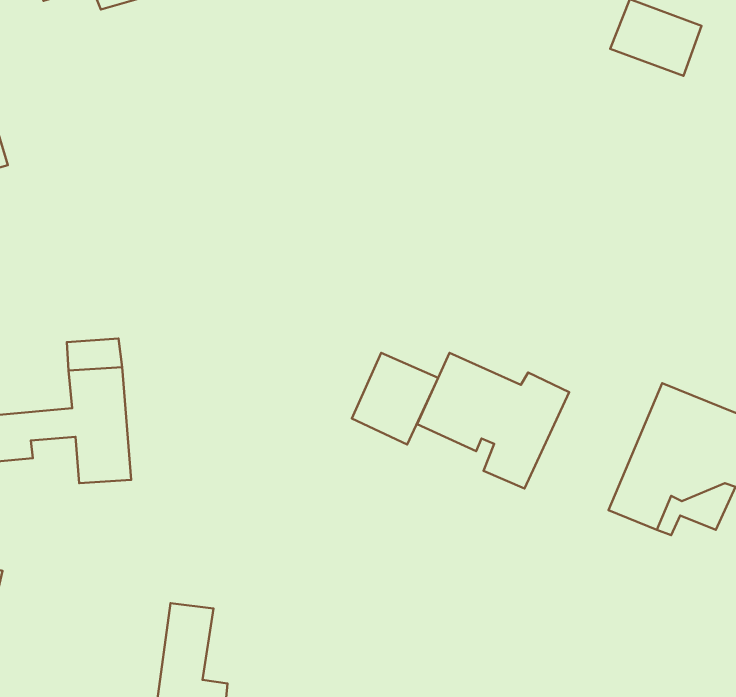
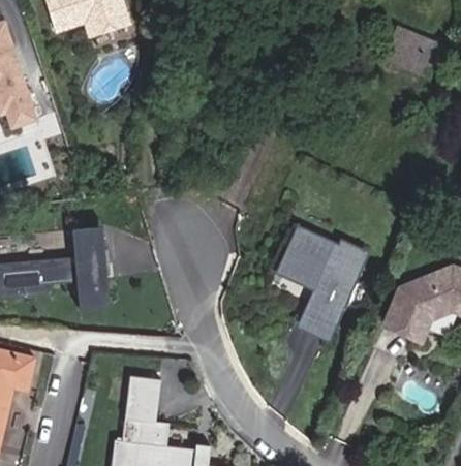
building: [352,353,438,444] -> none
building: none -> [300,301,337,340]

